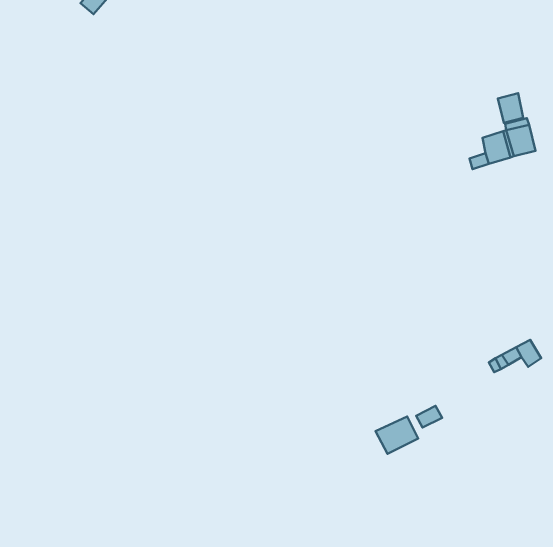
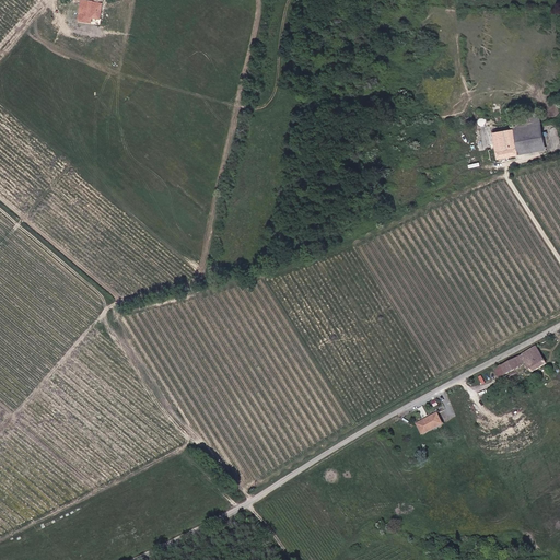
building: [498,93,523,123] -> none
building: [376,417,418,454] -> none

